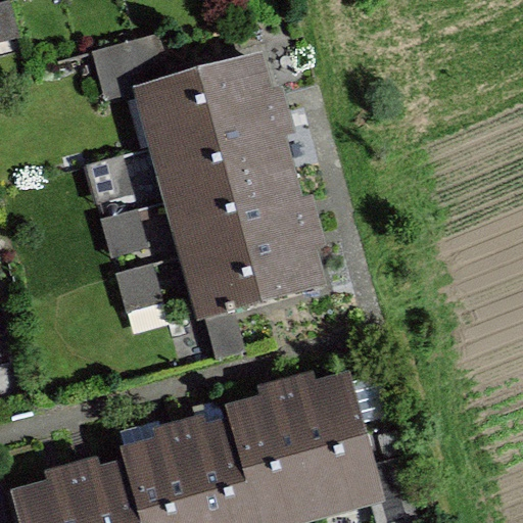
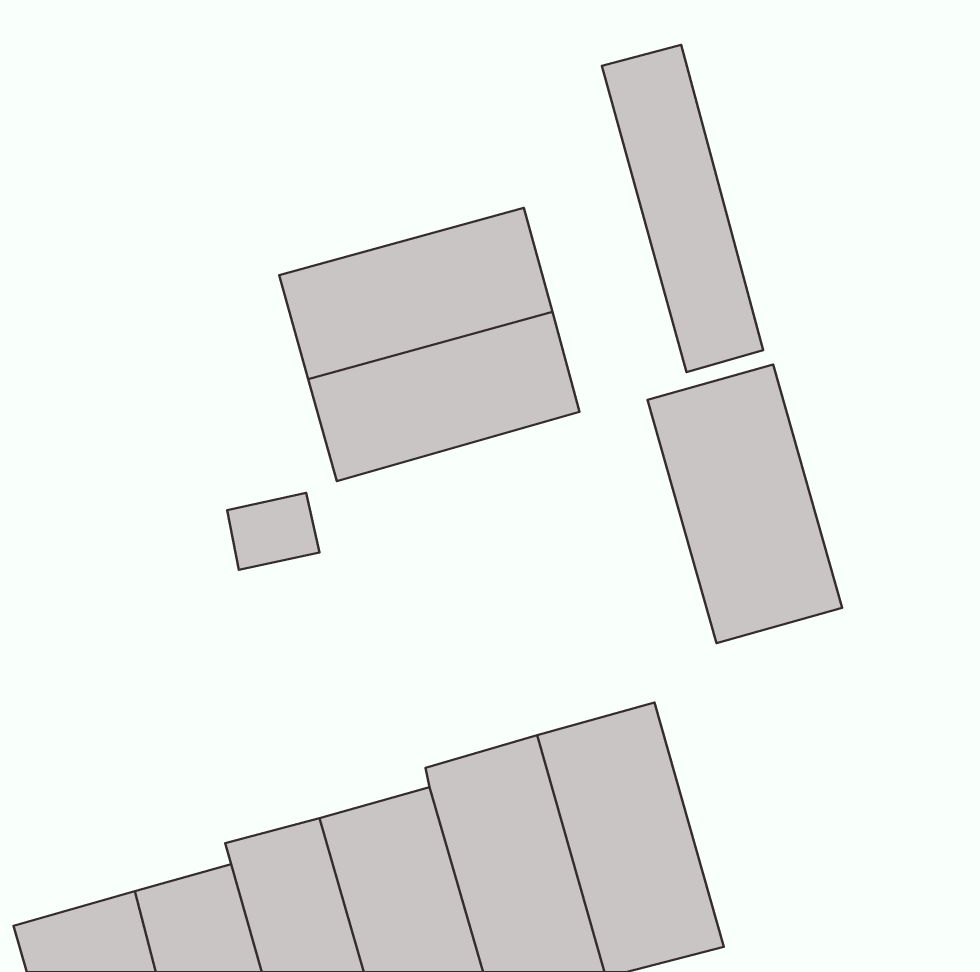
building: none -> [602,45,763,372]
building: [132,52,278,146] -> none
building: none -> [648,365,842,643]
building: [179,219,325,316] -> none

